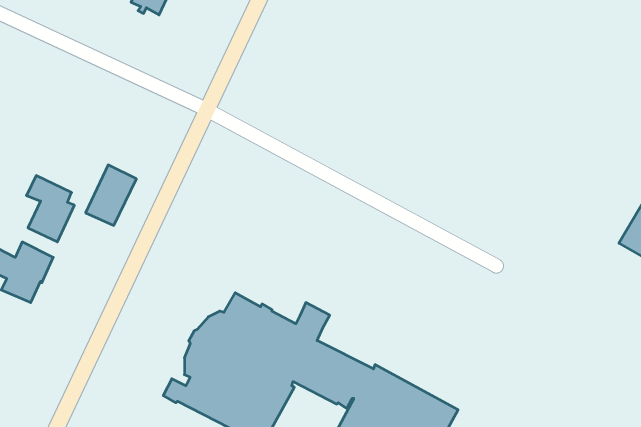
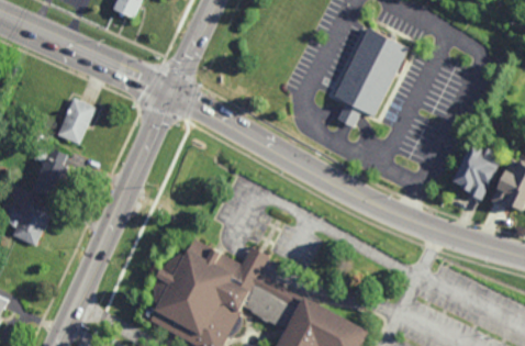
building: none -> [331,29,409,130]
building: none -> [449,137,501,203]
building: [86,165,136,225] -> [56,100,96,147]

